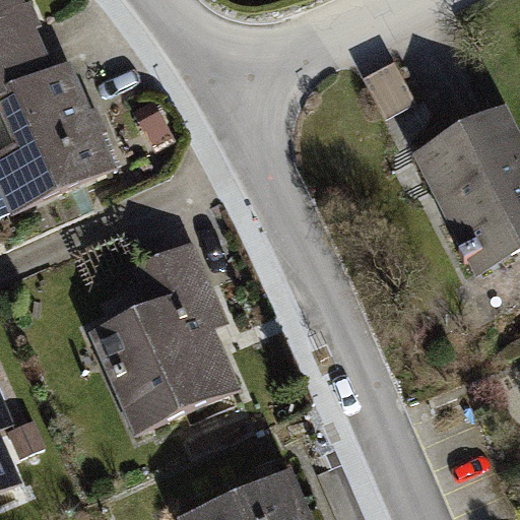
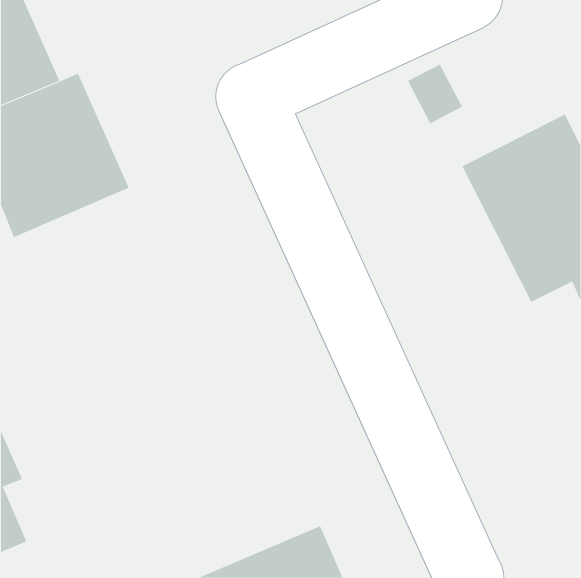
building: [90,250,237,433] -> none

